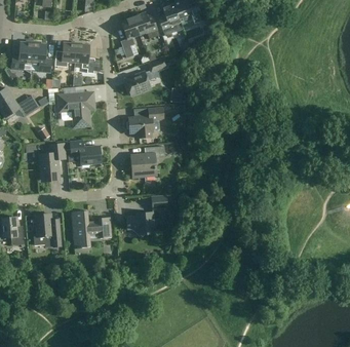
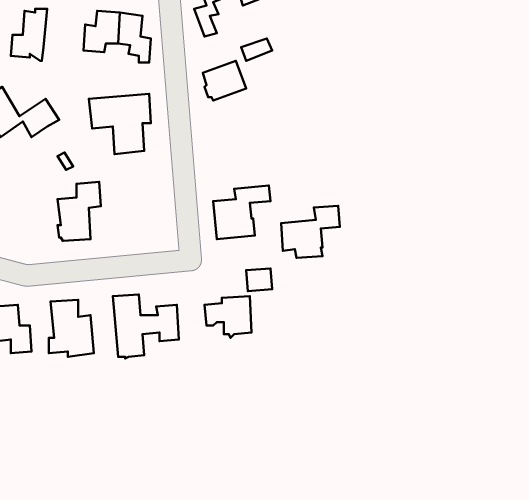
building: [31,41,51,72] -> none
building: [128,107,163,138] -> [281,206,340,258]
building: [66,141,101,163] -> none

